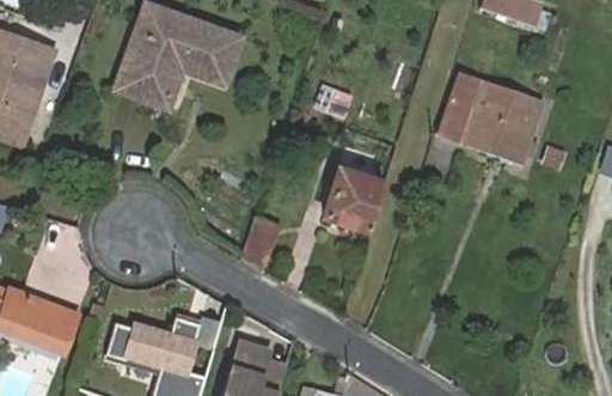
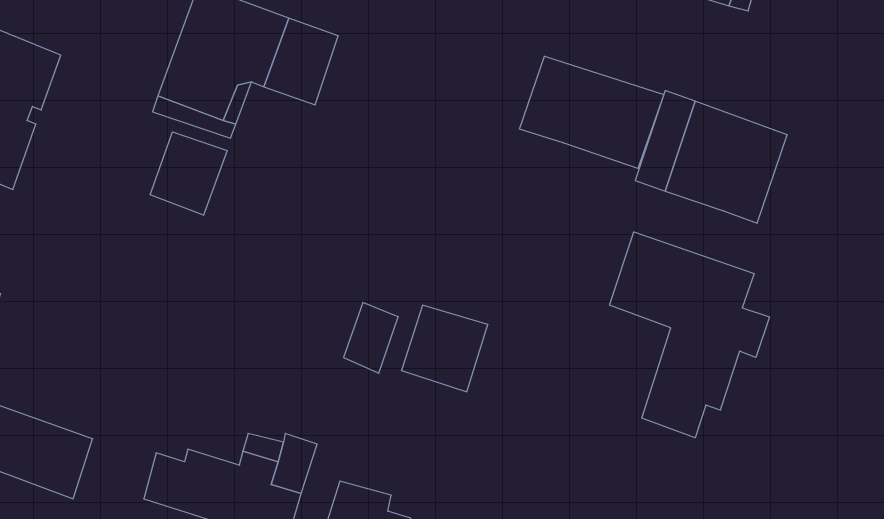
building: none -> [519,56,664,168]
building: none -> [150,132,227,215]
building: [325,170,384,229] -> [401,305,488,392]
building: none -> [609,232,770,438]

